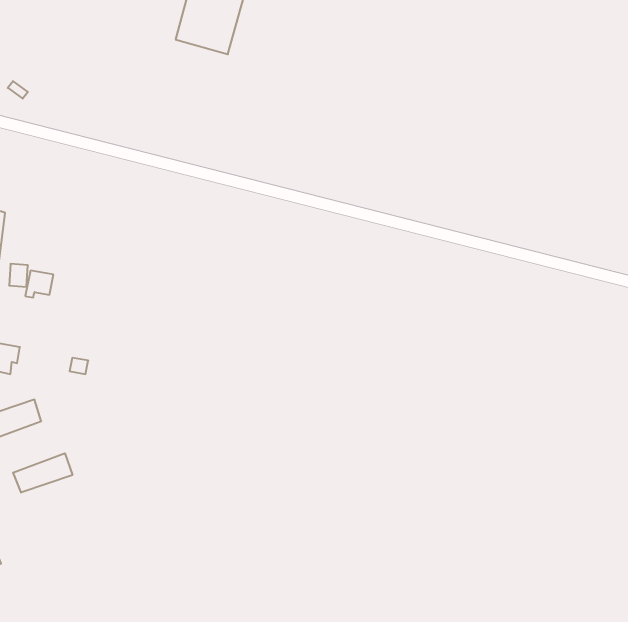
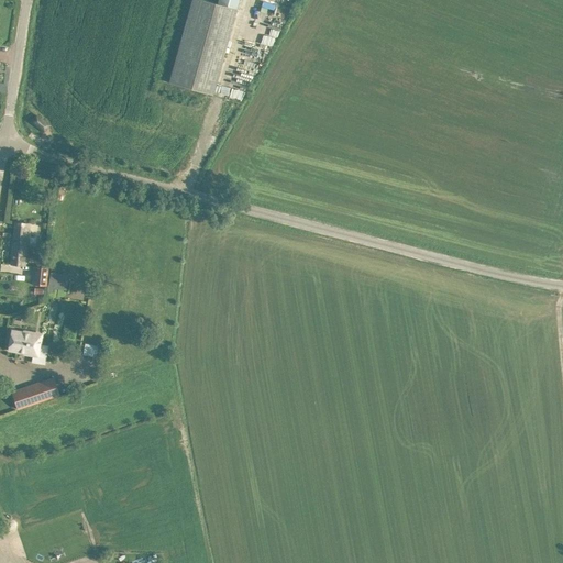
building: [13,453,72,493] -> none

